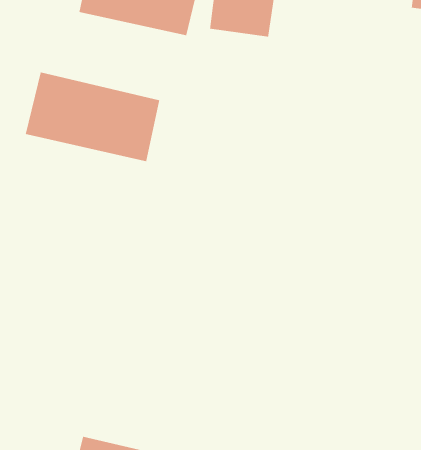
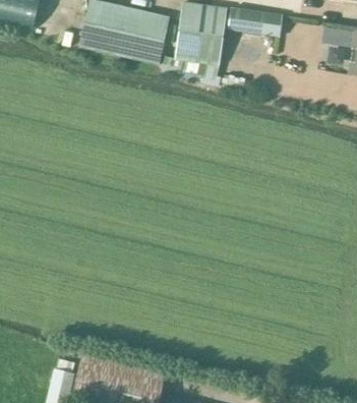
building: [25,72,160,162] -> none

